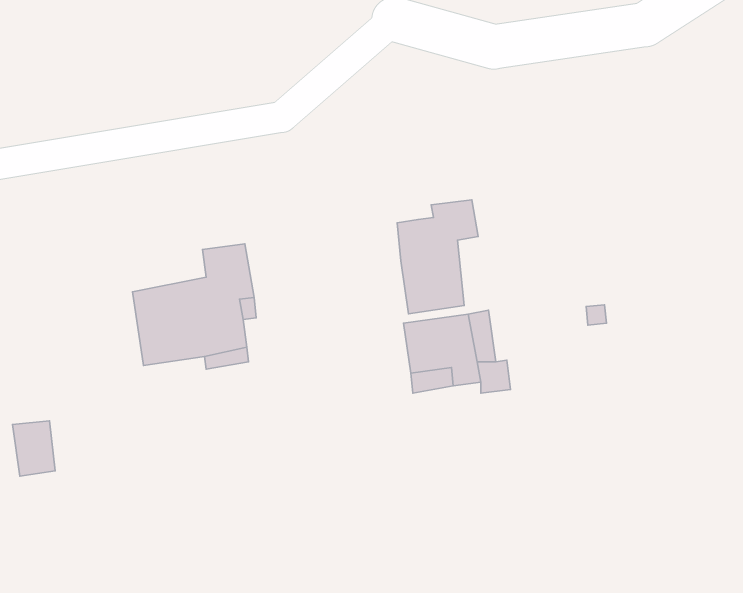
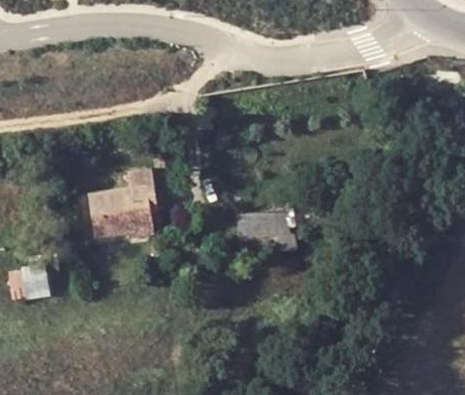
building: [397,200,478,314] -> none

